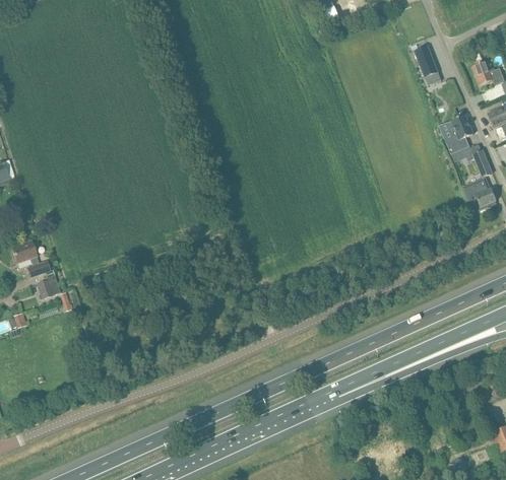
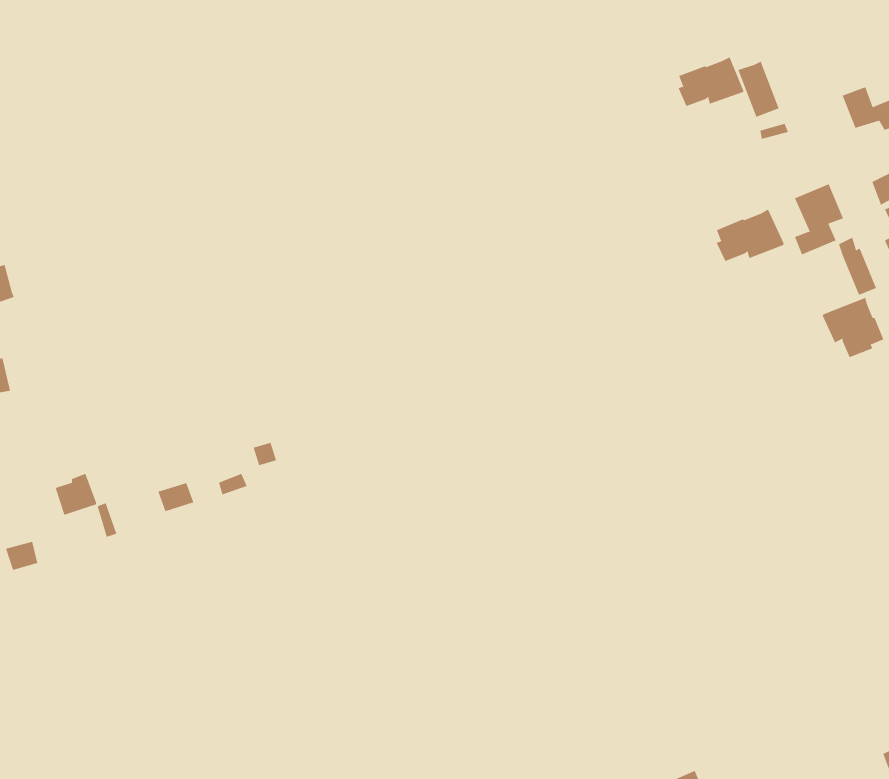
building: none -> [678,57,744,107]
building: none -> [716,209,784,262]
building: [12,242,50,277] -> none

